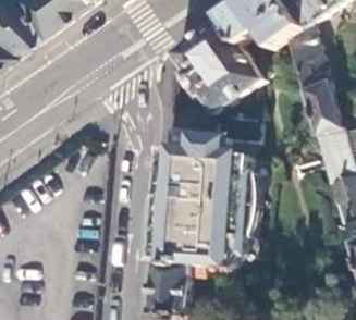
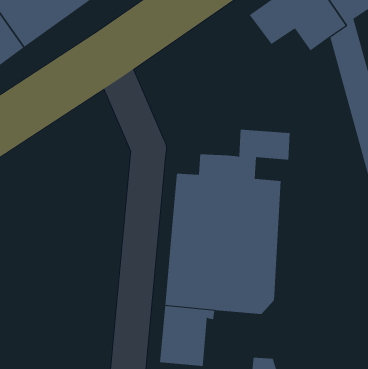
building: [173,17,271,112] -> none

